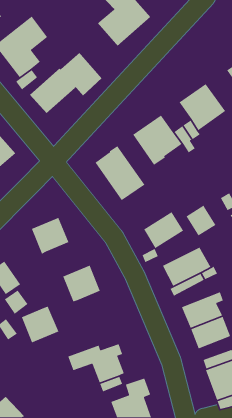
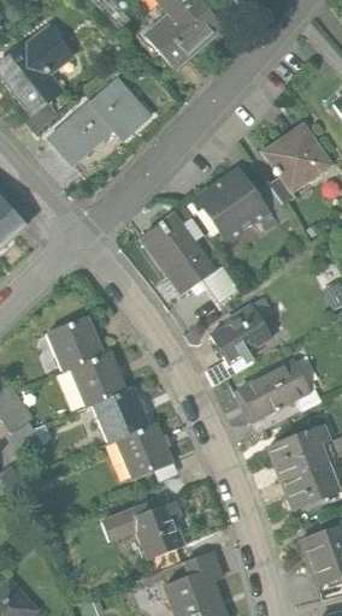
building: [185,204,216,237] -> none
building: none -> [70,351,128,407]
building: [21,305,60,343] -> [116,422,172,478]

